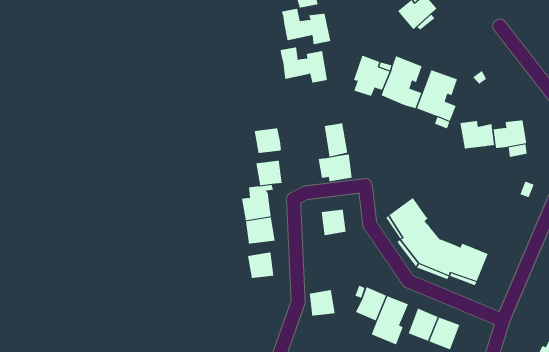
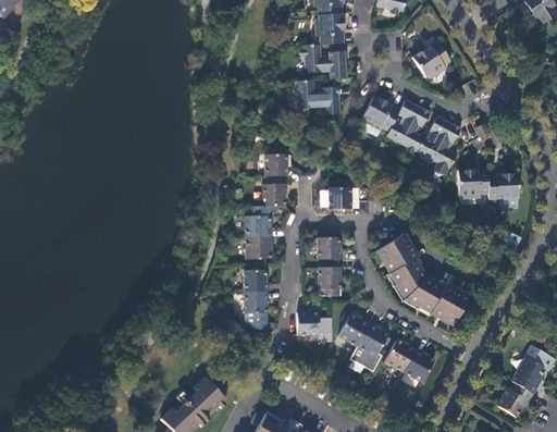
building: [324,122,348,157] -> none
building: none -> [318,267,342,296]
building: none -> [245,292,268,330]

